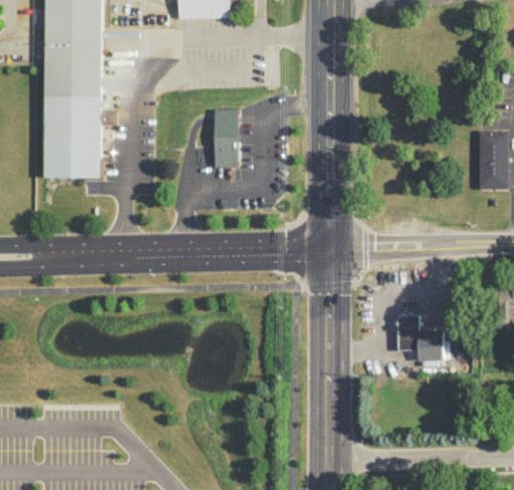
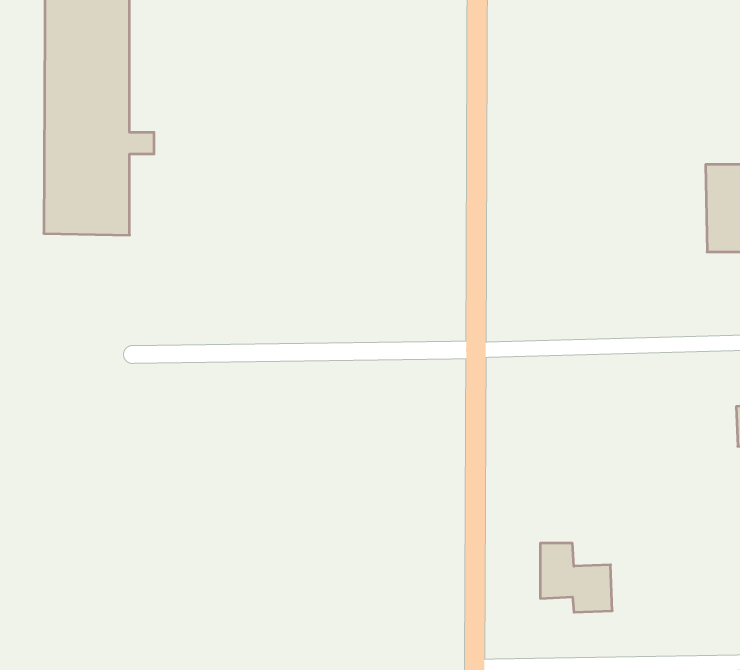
building: [214,108,239,166] -> none
building: [397,314,444,359] -> [540,543,612,612]

